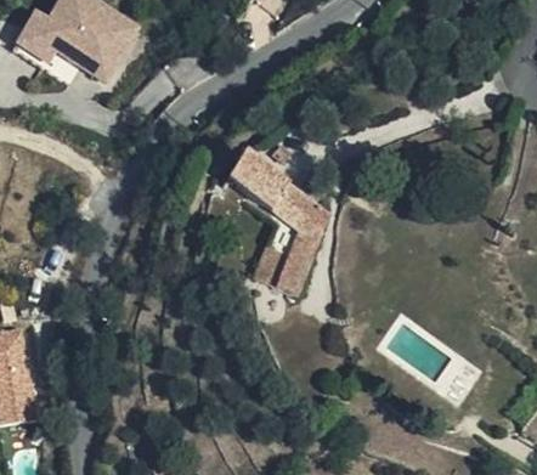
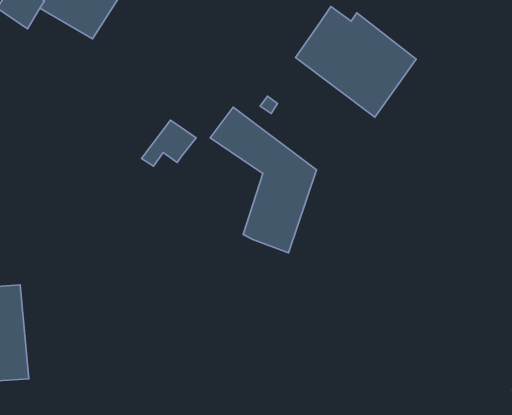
building: none -> [296,6,416,117]
building: none -> [142,120,196,166]

